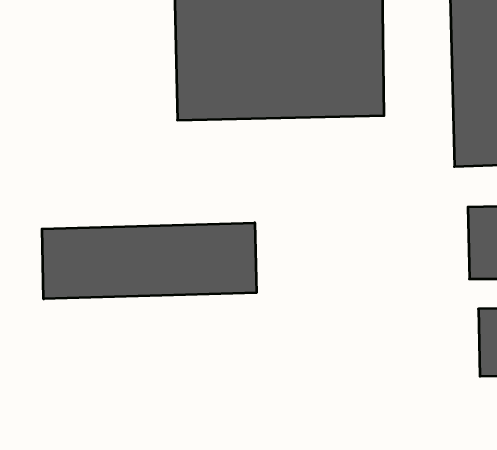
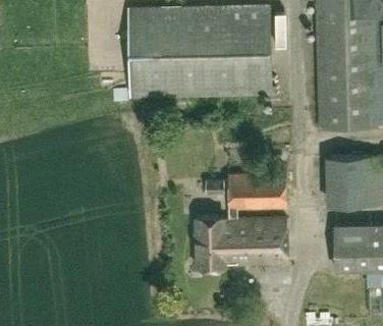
building: [42,223,256,299] -> none
building: none -> [196,173,287,269]

